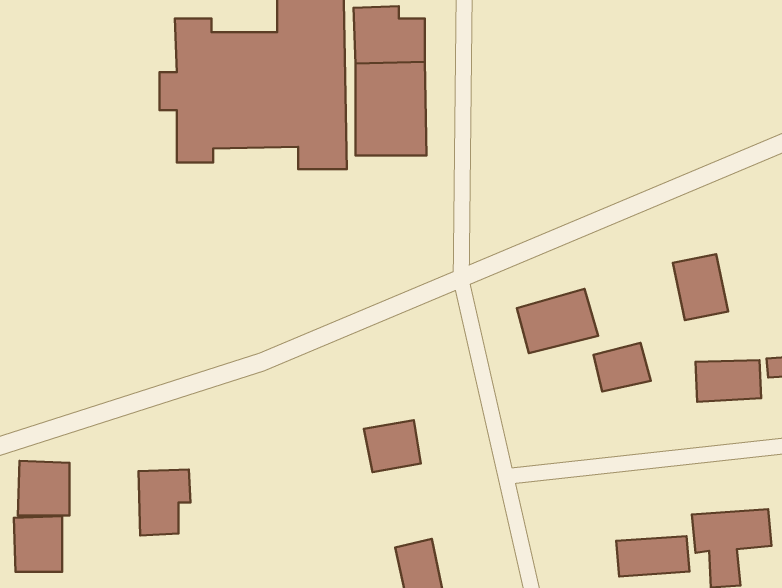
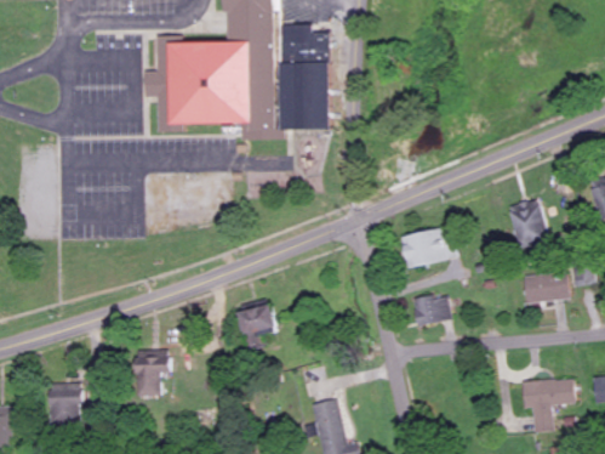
building: [594,343,651,391] -> [411,293,451,327]
building: [364,420,421,472] -> [234,301,274,337]
building: [18,461,70,515] -> none
building: [616,536,690,576] -> none

